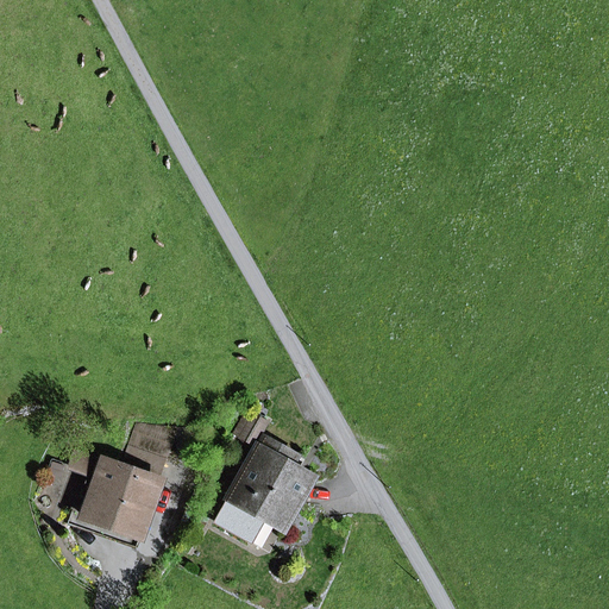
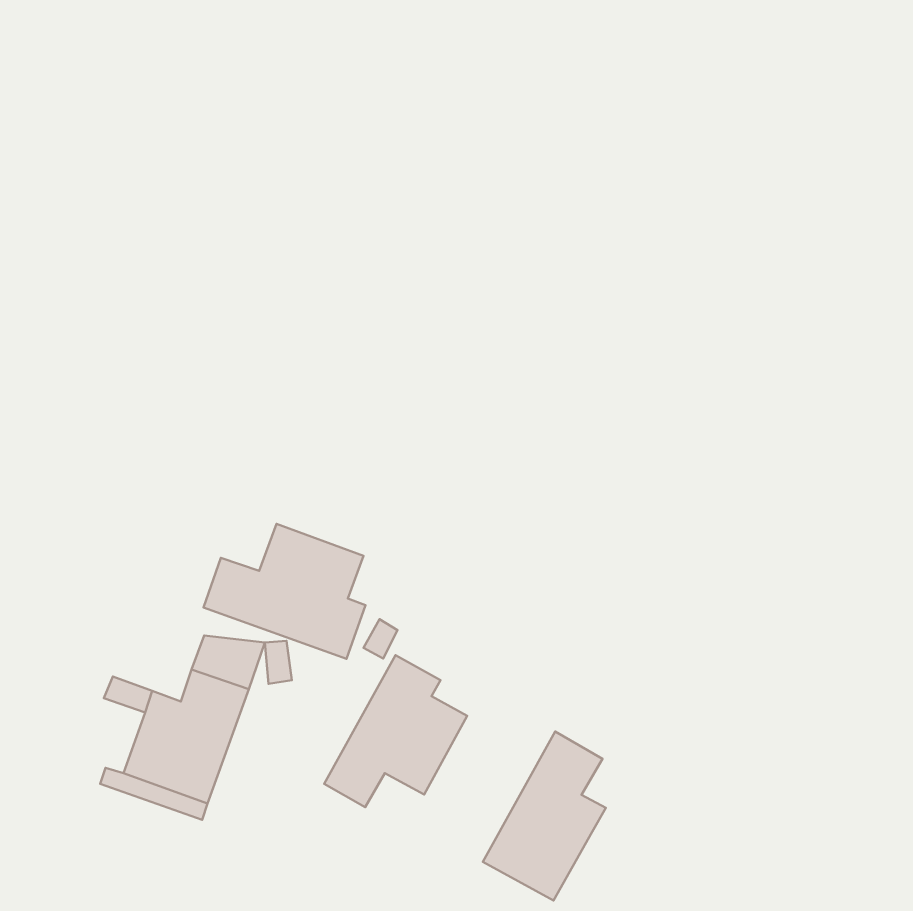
building: none -> [203,524,366,659]
building: none -> [483,731,606,901]

